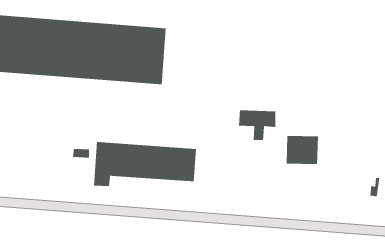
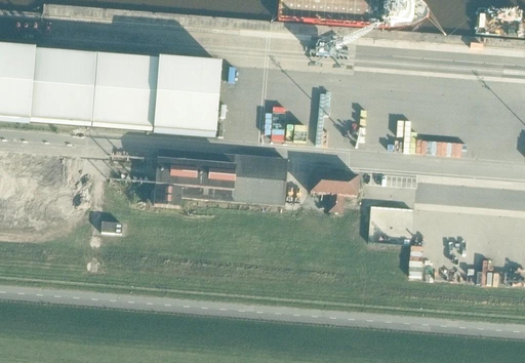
building: [93,141,197,187] -> [155,145,287,202]

